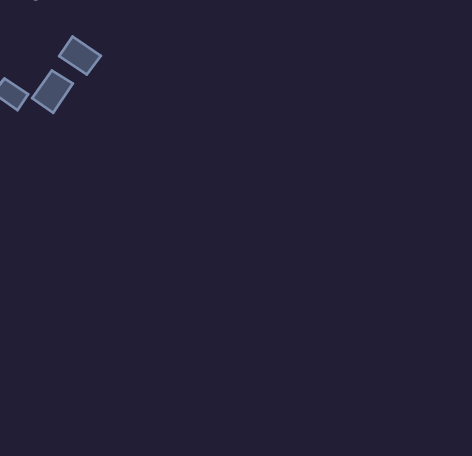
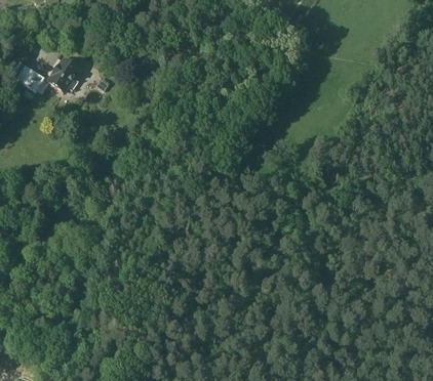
building: [59,37,101,74] -> none

